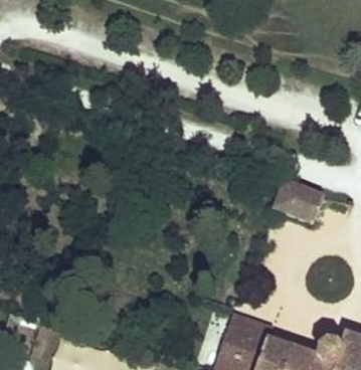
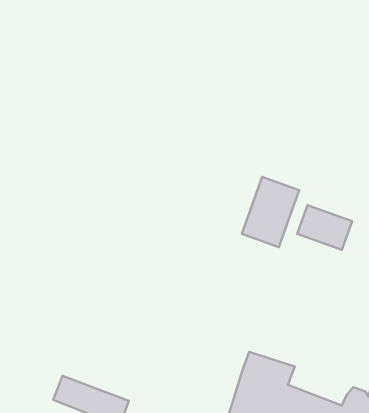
building: none -> [242,177,299,247]

